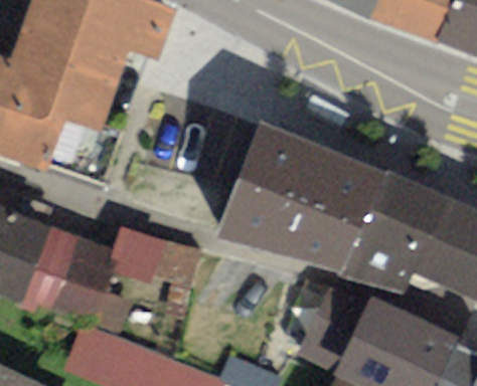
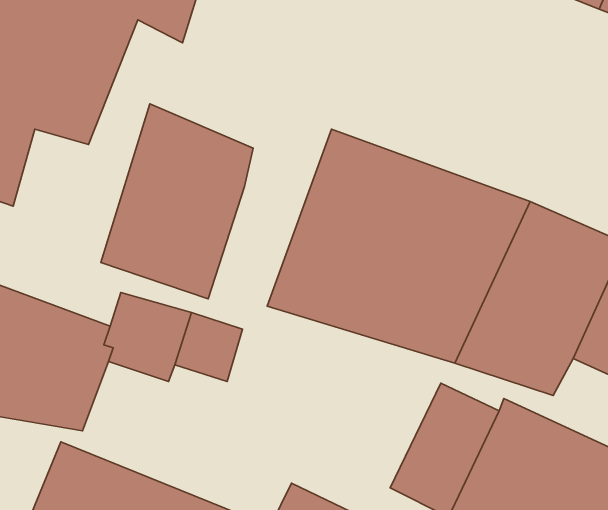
building: none -> [101,104,253,299]

